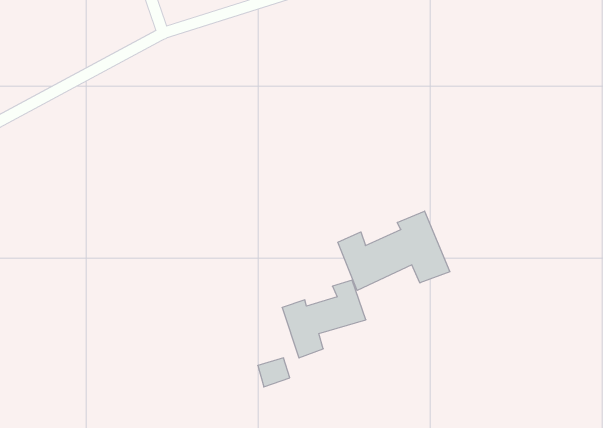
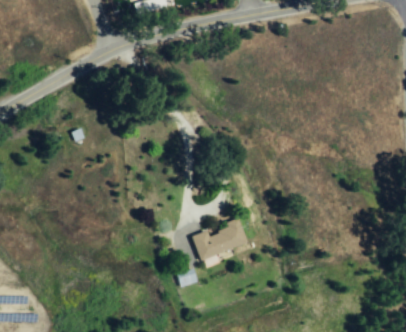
building: [338,211,450,290] -> none

